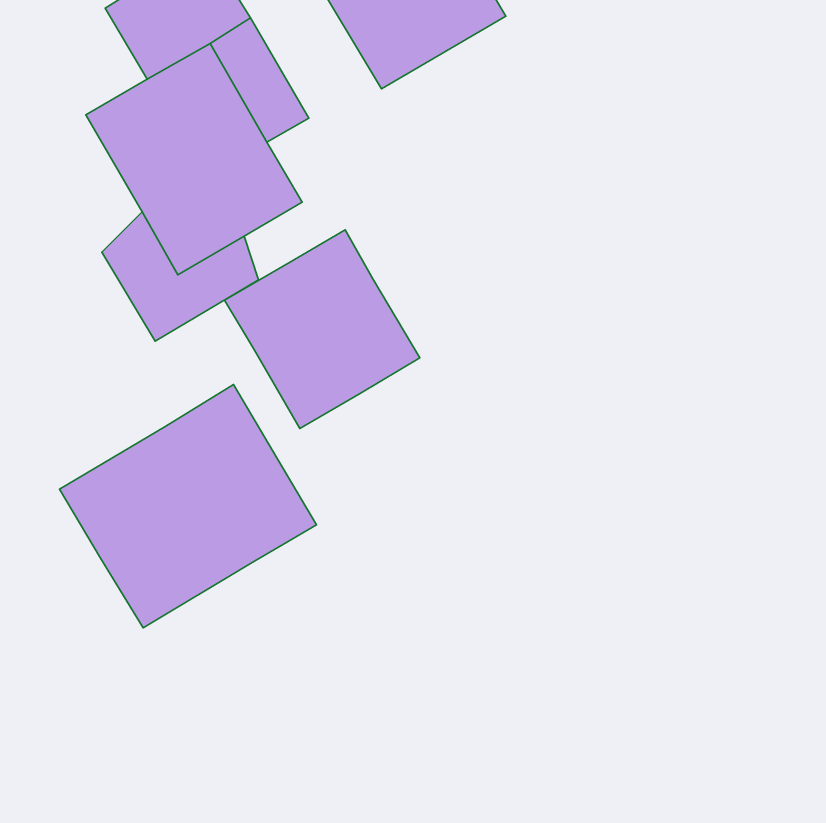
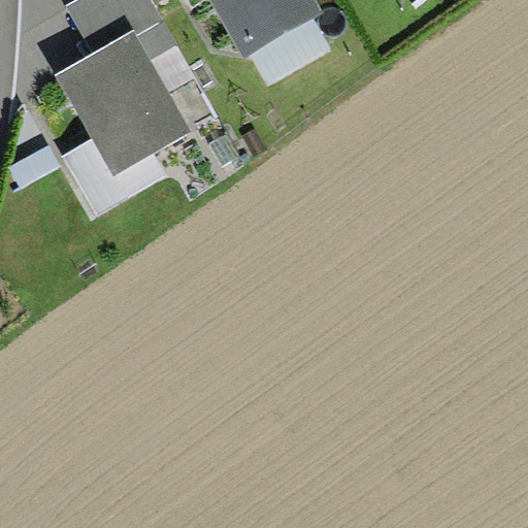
building: [224,230,420,429] -> none
building: [59,385,317,628] -> none

